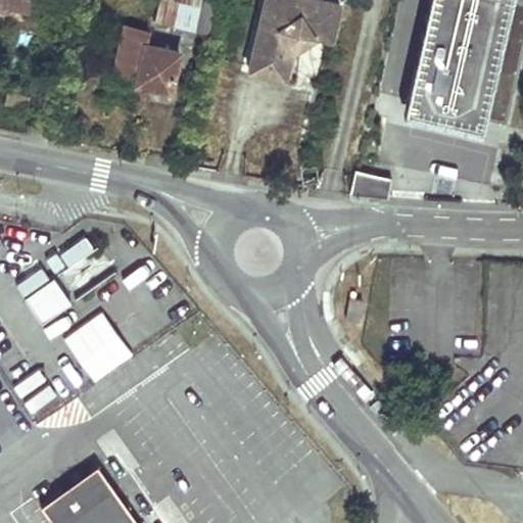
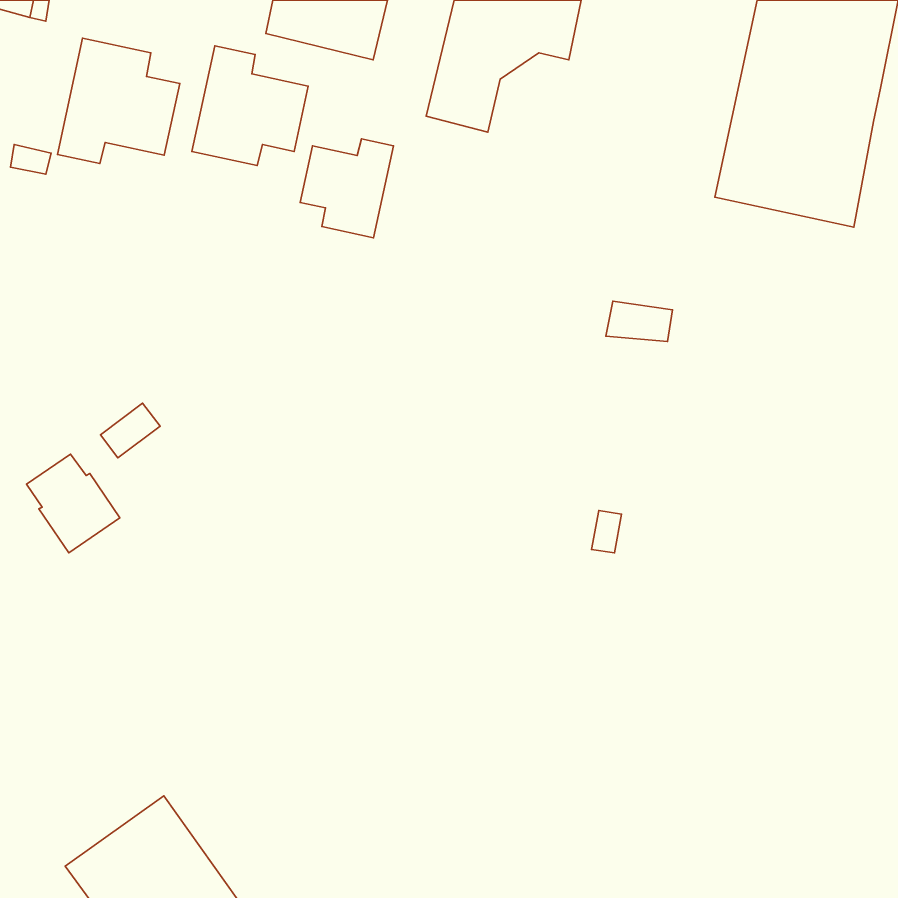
building: none -> [57,38,180,164]
building: none -> [300,139,393,238]
building: [61,310,132,381] -> none

